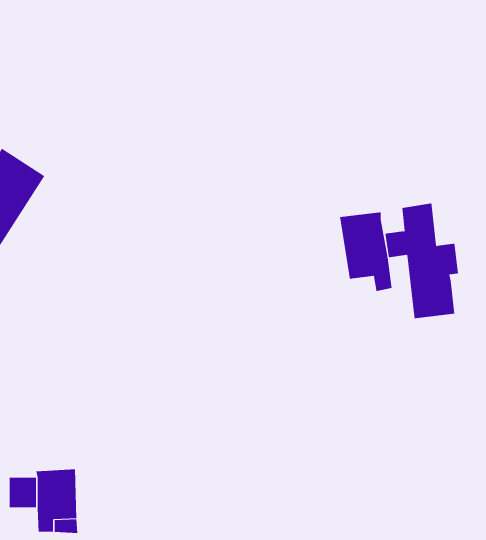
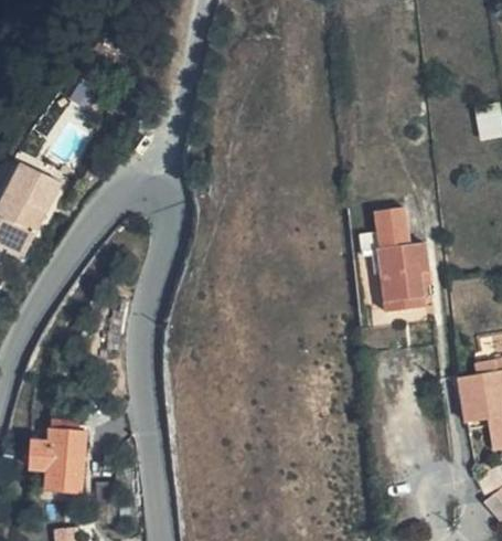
building: [339,212,392,292] -> none

